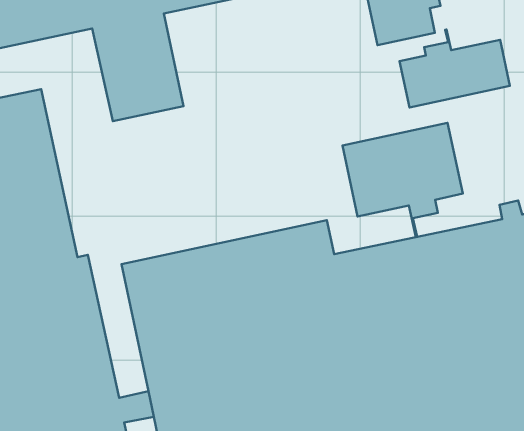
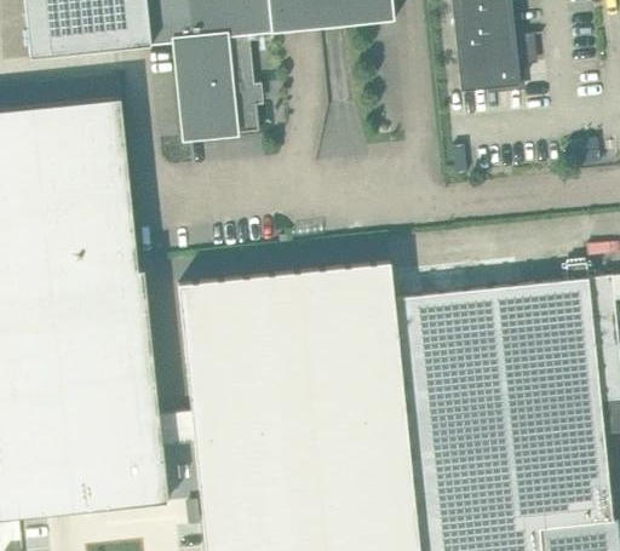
building: [400,30,510,107] -> none
building: [342,123,463,237] -> none

